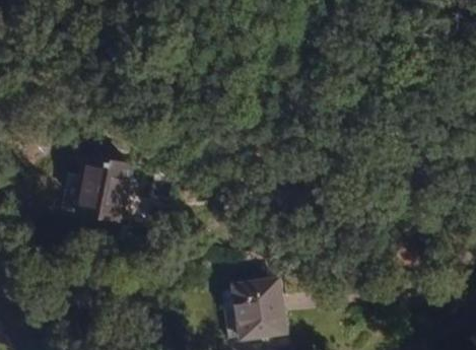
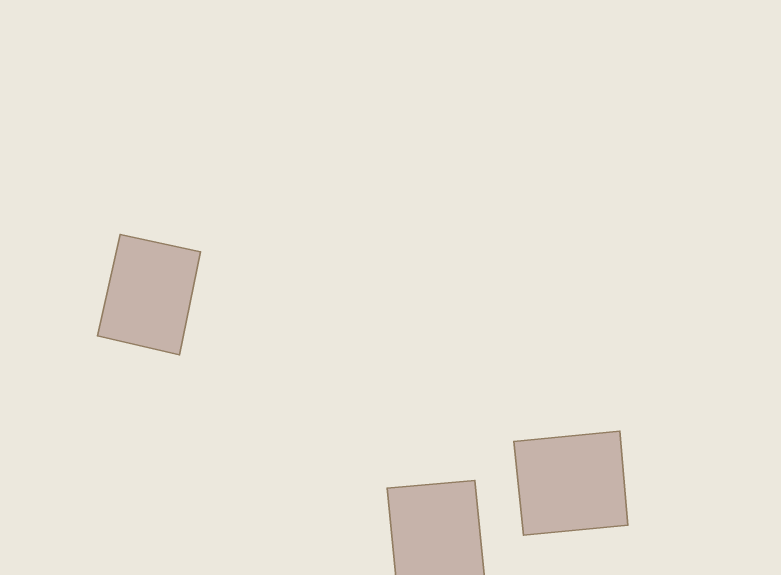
building: none -> [514,431,628,535]

